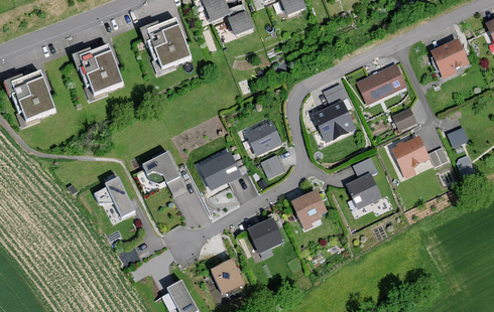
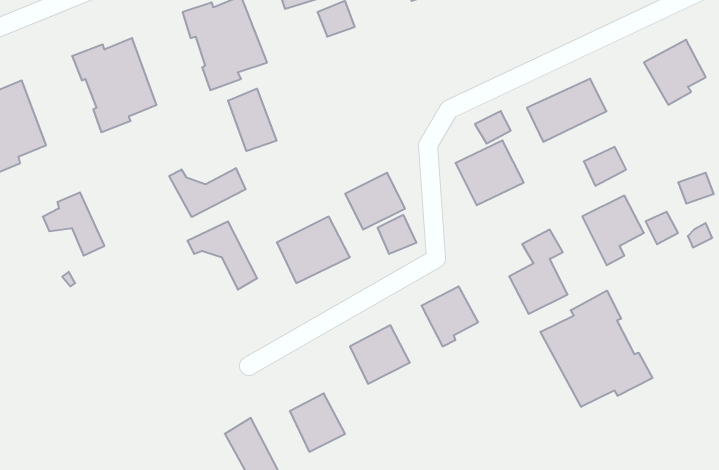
building: none -> [228,89,277,151]
building: none -> [169,168,246,217]
building: [94,178,132,217] -> [43,192,104,256]
building: none -> [540,291,653,407]

